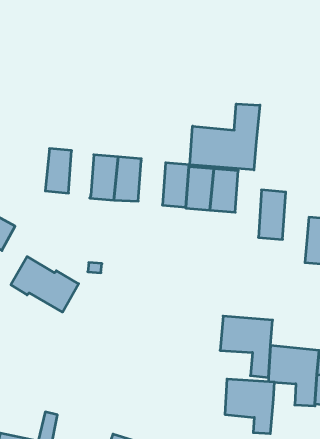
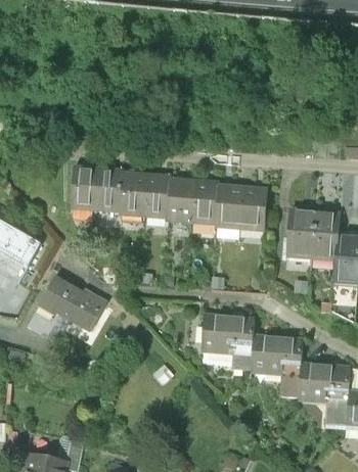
building: [190,104,260,170] -> none
building: none -> [96,168,122,213]
building: none -> [167,178,194,223]
building: none -> [313,209,341,258]
building: [225,379,274,434] -> [204,315,254,370]

